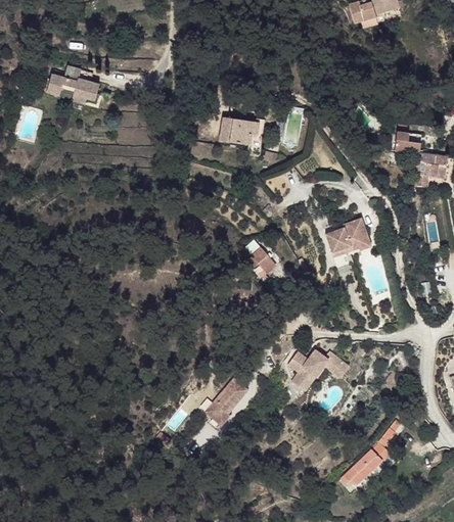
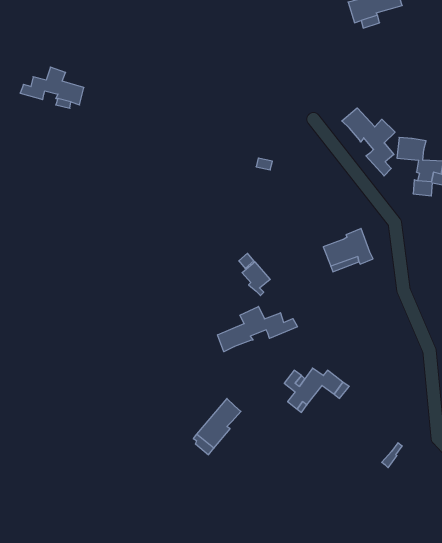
building: none -> [342,108,395,176]
building: [220,116,265,150] -> none
building: none -> [218,306,297,352]
building: [340,441,390,486] -> none

